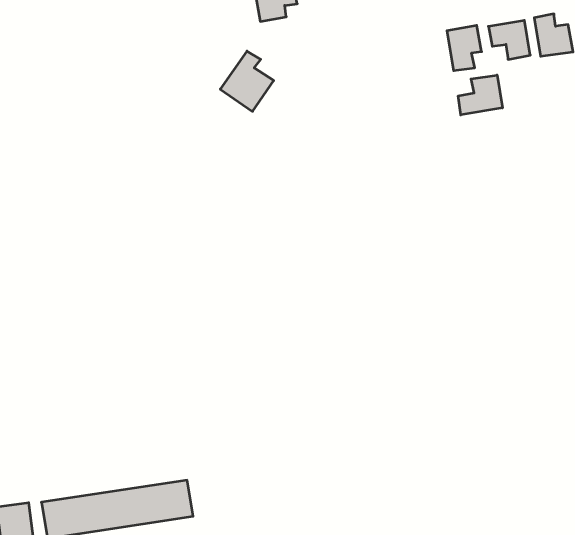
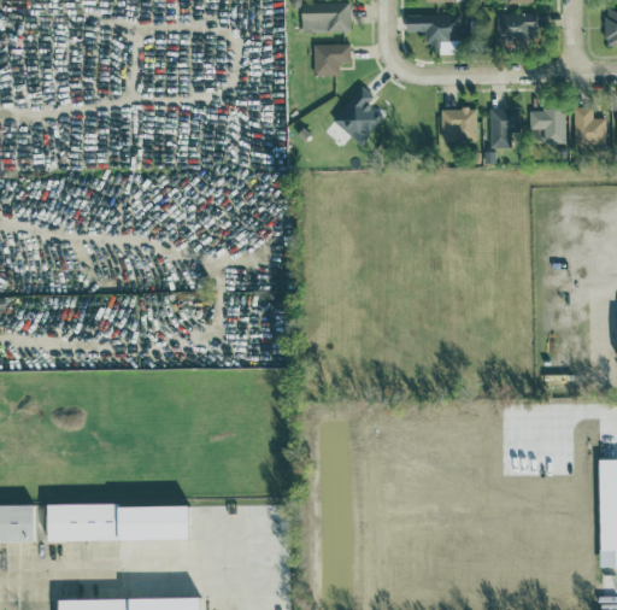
building: none -> [441,110,477,142]
building: [220,51,274,111] -> [333,88,384,146]
building: [458,75,502,115] -> none

